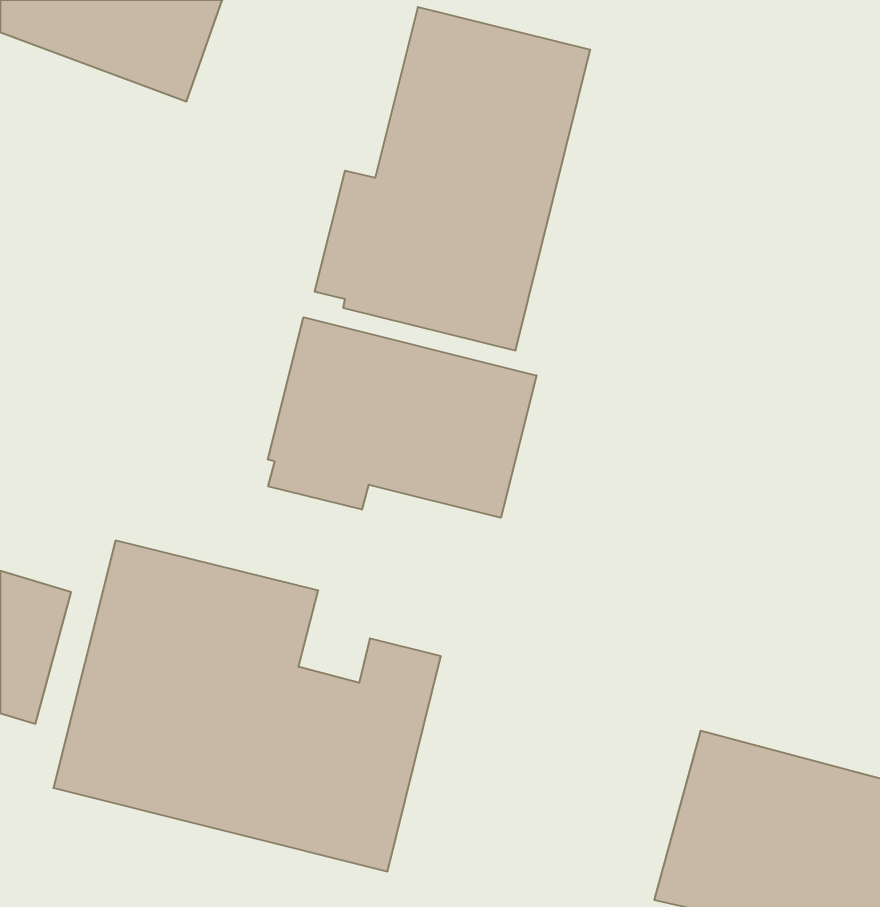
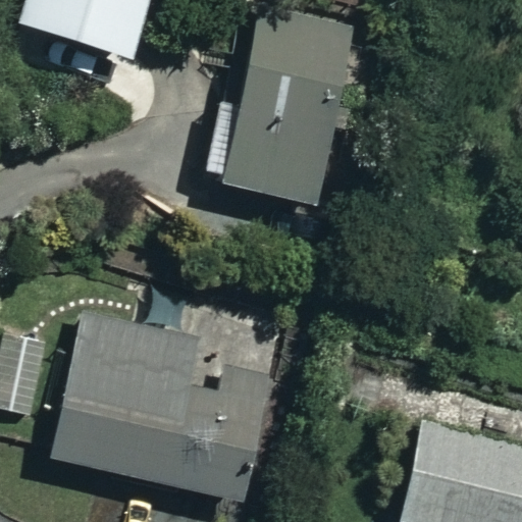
building: [268,317,537,518] -> none

